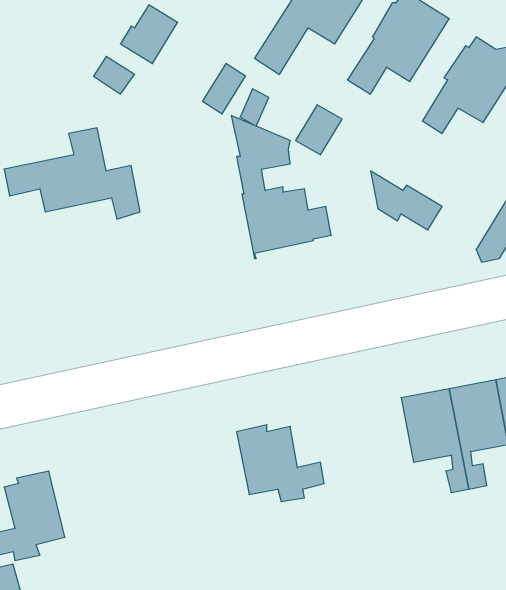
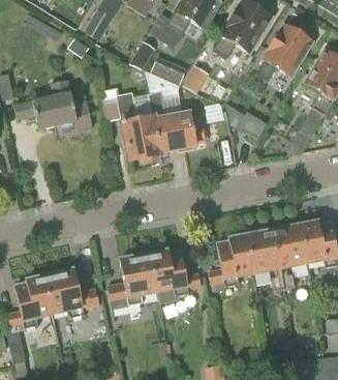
building: none -> [102,87,159,162]
building: none -> [207,234,251,286]
building: none -> [106,254,156,304]
building: none -> [40,268,97,317]

